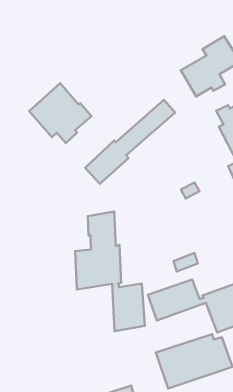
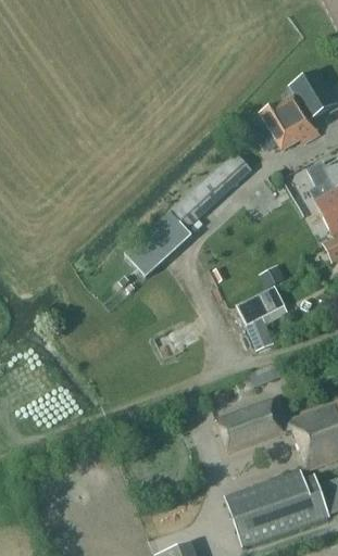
building: [29,83,91,143] -> none
building: none -> [236,287,288,351]
building: [75,211,145,331] -> none

